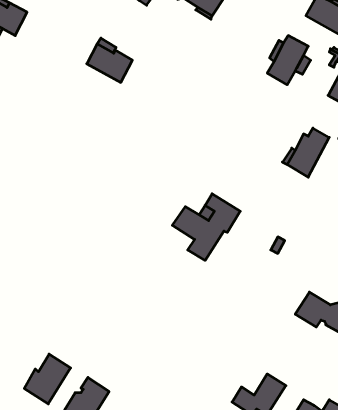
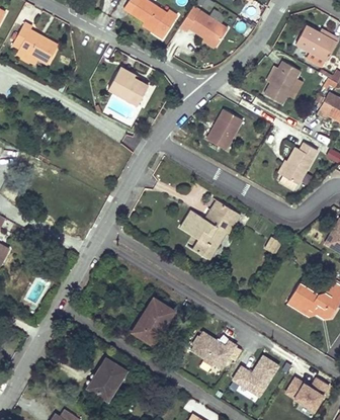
building: none -> [205,109,241,150]
building: none -> [135,297,175,341]
building: none -> [191,333,236,369]
building: [24,354,71,404] -> none

